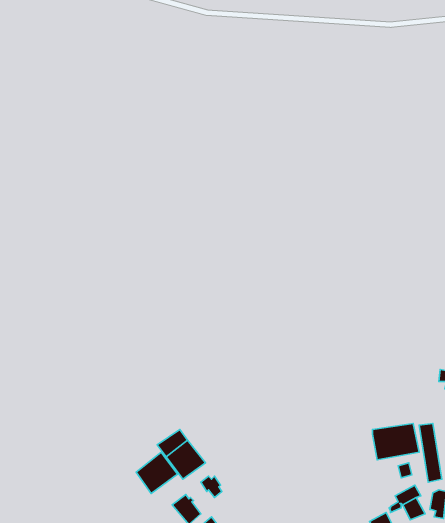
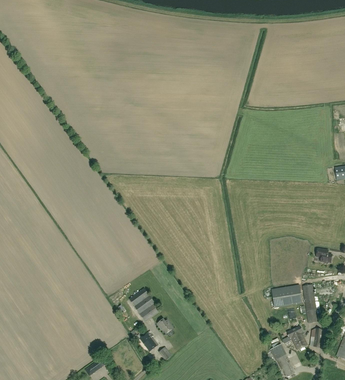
building: [136,453,177,494] -> none

